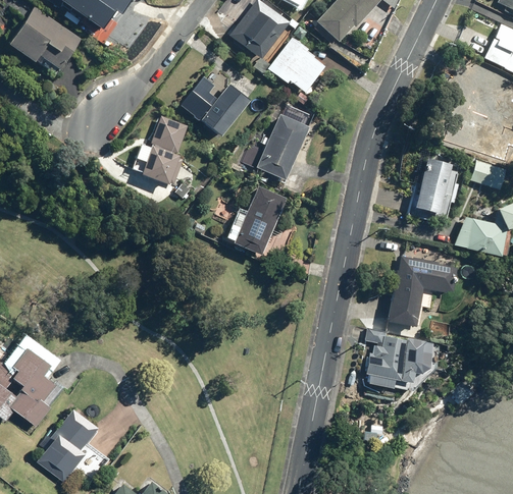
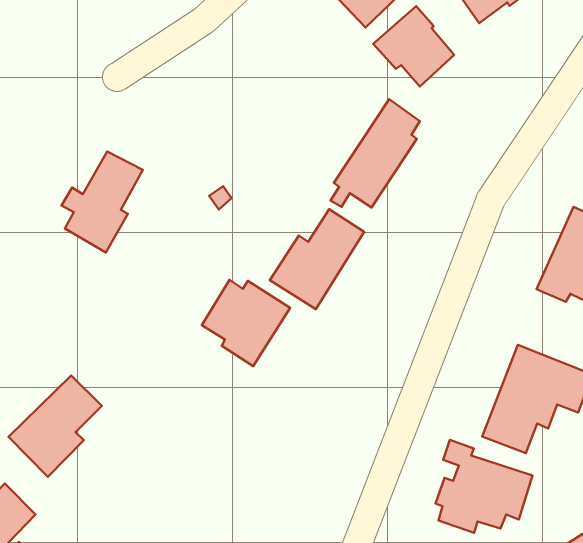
building: [183,75,249,135] -> none
building: [138,116,189,184] -> [61,152,143,252]
building: none -> [202,280,290,366]
building: none -> [8,376,102,477]

